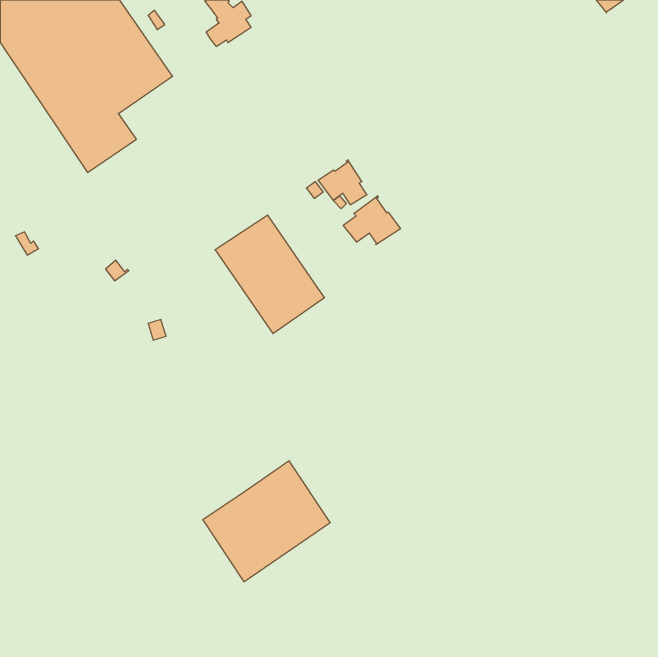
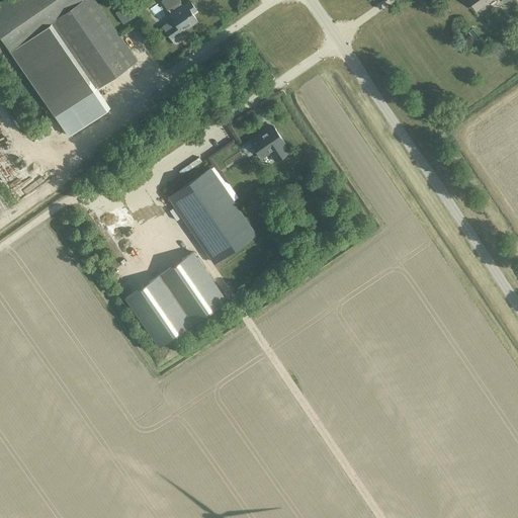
building: [343,196,400,245] -> none
building: [203,461,330,582] -> [125,253,226,348]

